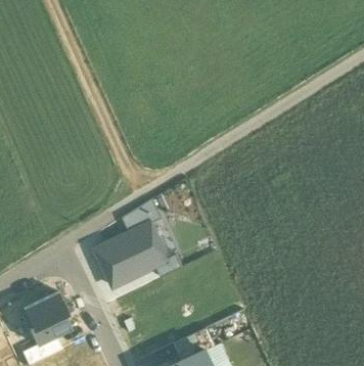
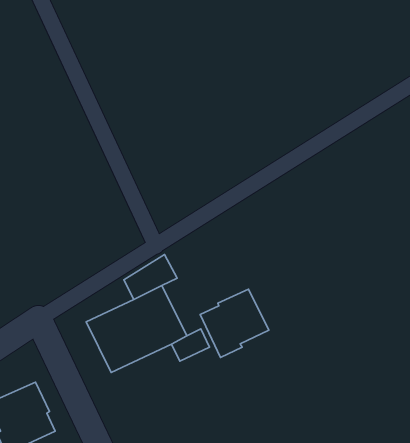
building: none -> [200,289,269,357]

